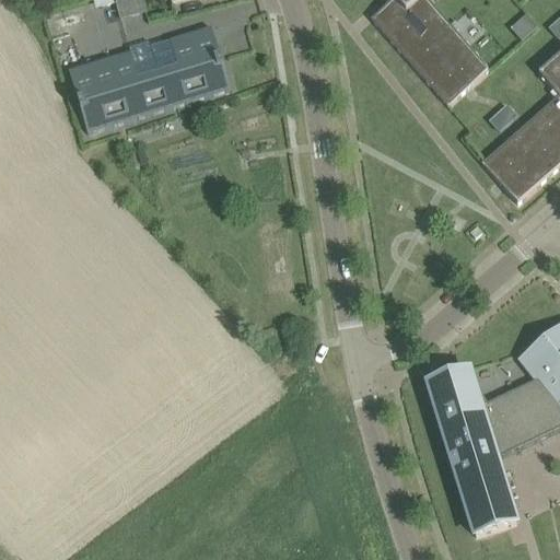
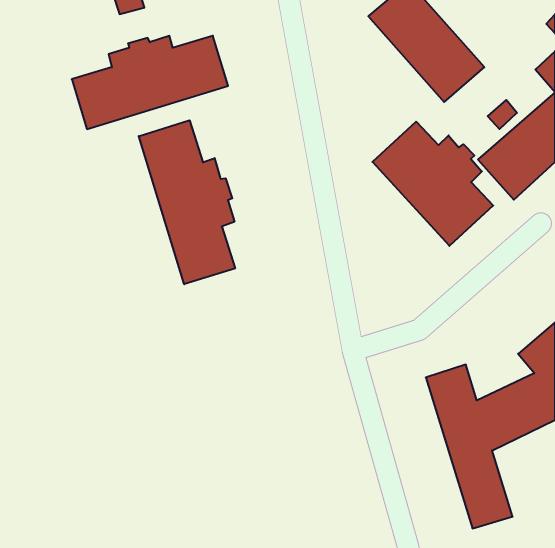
building: none -> [139,120,235,284]
building: none -> [372,122,493,246]

